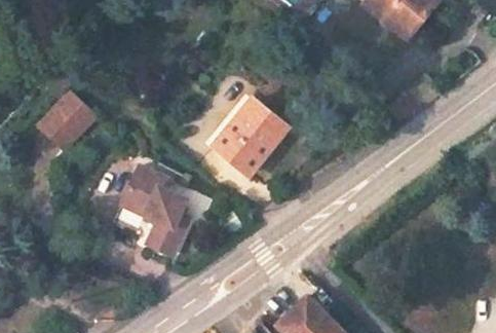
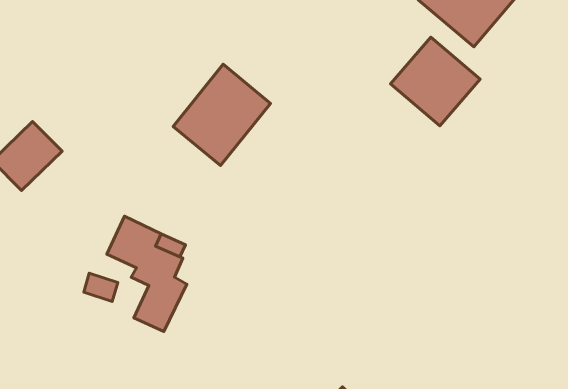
building: none -> [391,37,480,126]
building: [213,98,287,175] -> [173,64,271,166]

